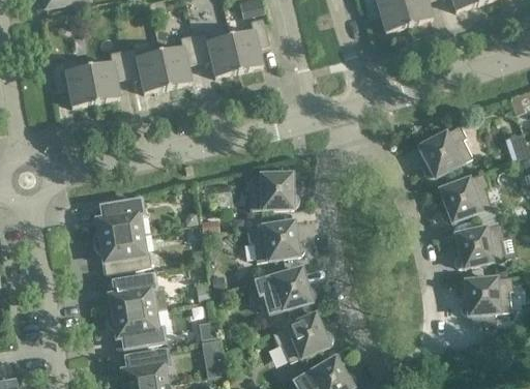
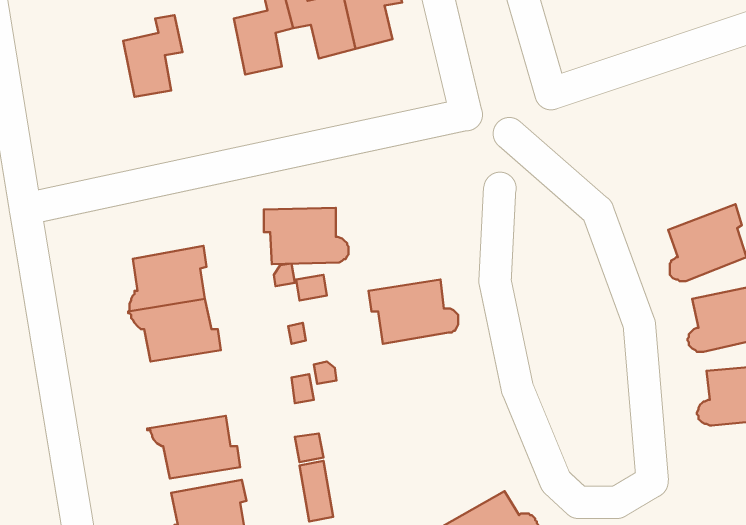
building: [122,46,168,92] -> none
building: [52,60,96,107] -> none
building: [419,123,473,176] -> none
building: [245,172,300,208] -> [264,208,349,264]
building: [257,267,317,311] -> none
building: [105,273,155,316] -> none
building: [272,312,334,361] -> none

